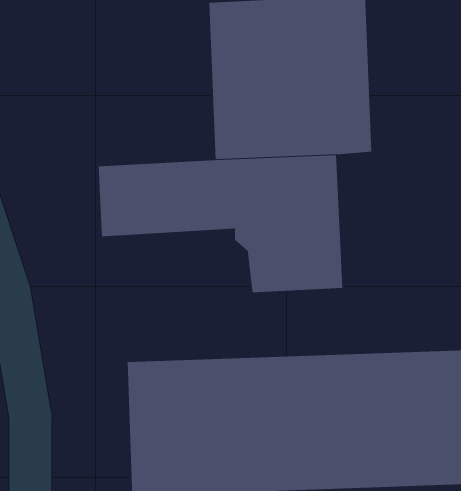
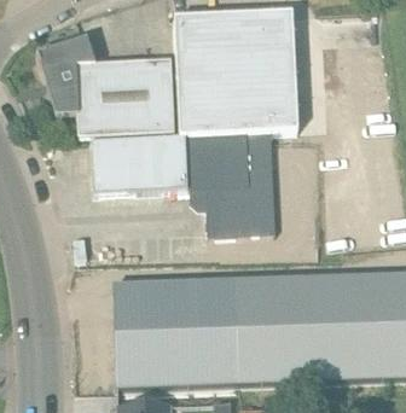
building: none -> [39,36,174,133]

